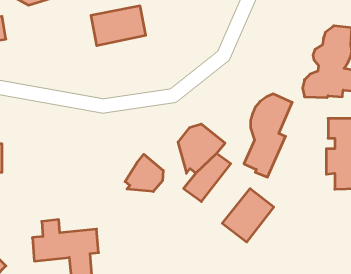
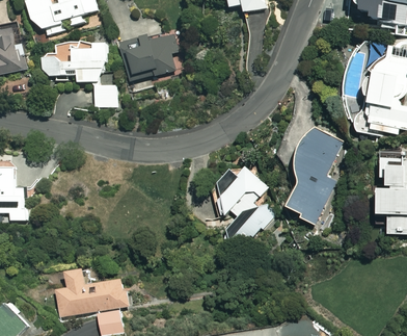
building: none -> [42,42,116,105]
building: [125,154,163,192] -> none
building: [222,189,274,242] -> none

